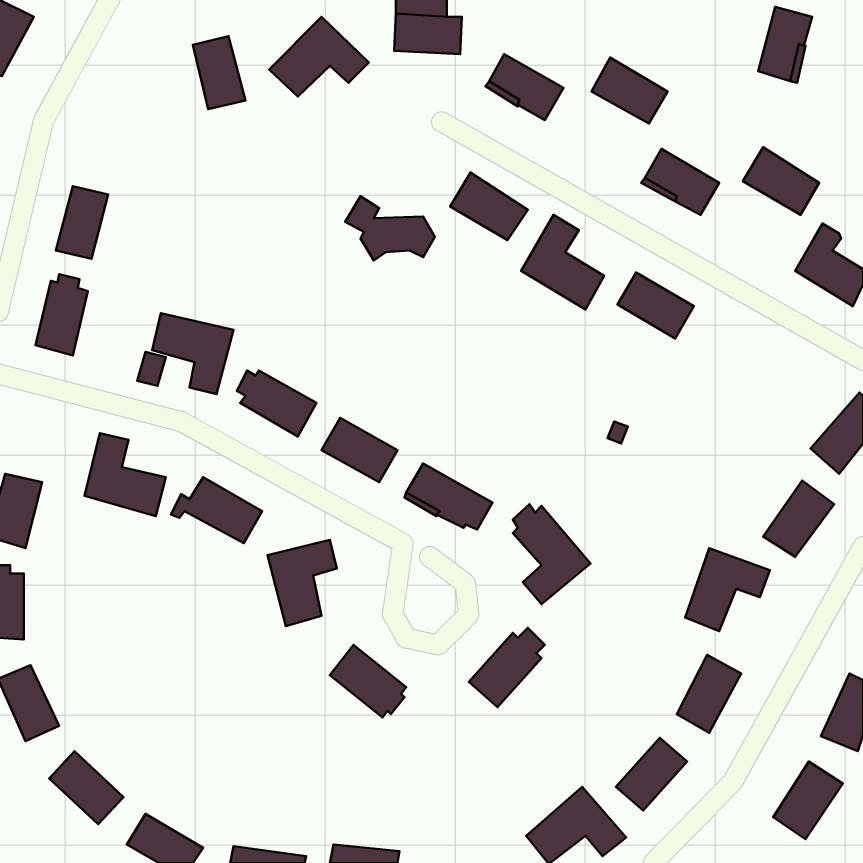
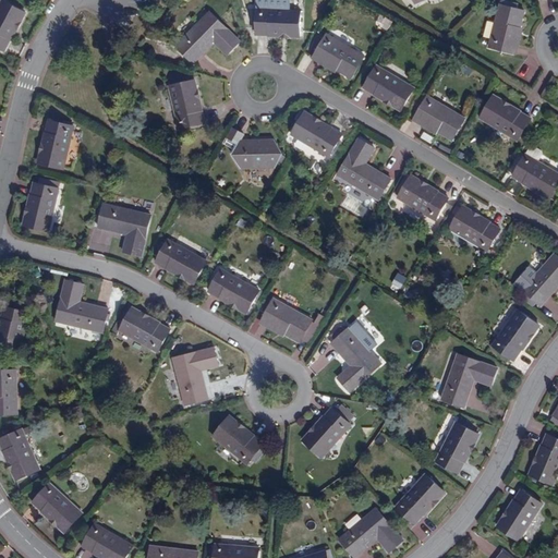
building: [193,36,245,109] -> [168,81,202,128]
building: [591,58,668,124] -> [363,65,412,108]
building: none -> [449,205,498,250]

